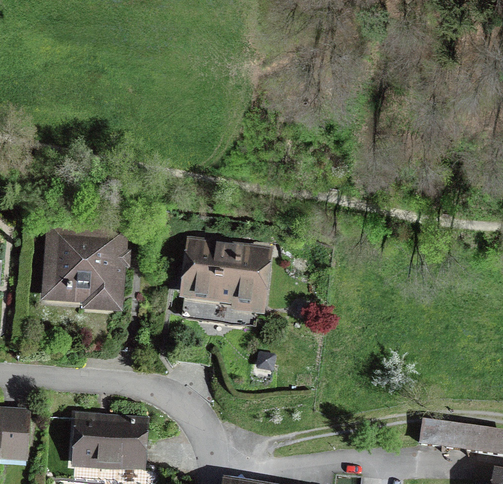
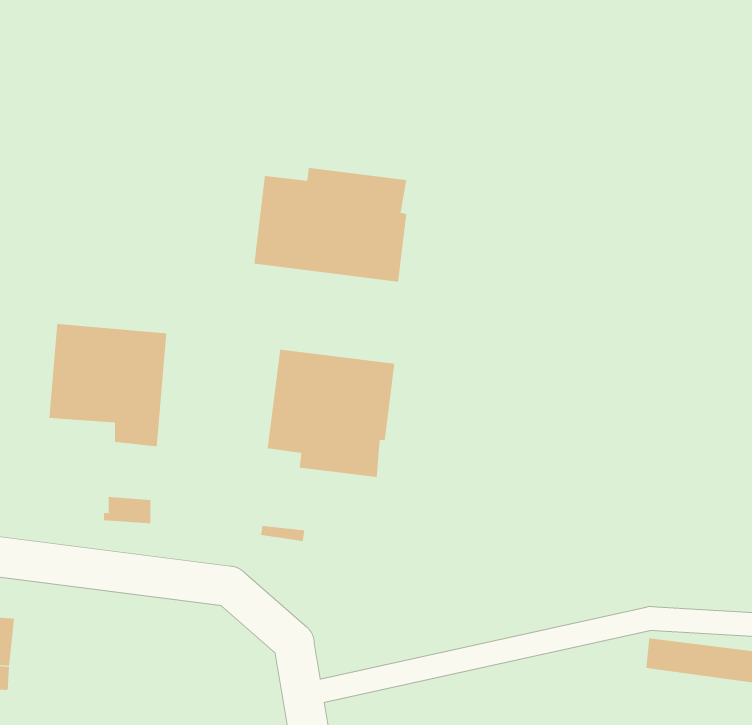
building: none -> [254,167,407,282]
building: [74,416,146,466] -> none

